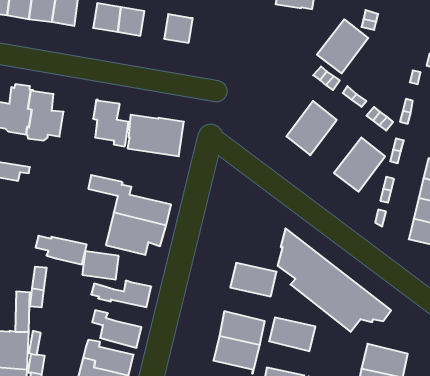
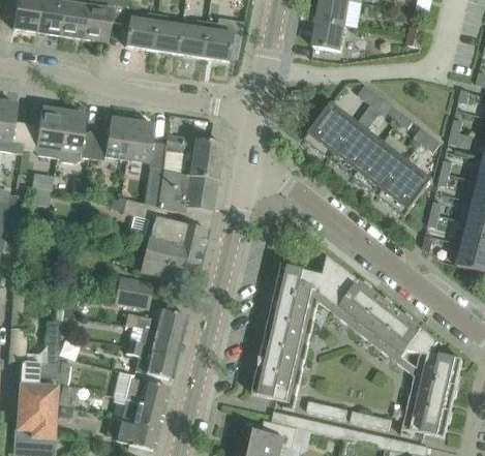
building: none -> [313,19,344,49]
building: none -> [176,26,205,55]
building: [317,19,368,73] -> [303,100,357,157]
building: none -> [91,116,130,159]
building: none -> [354,140,407,195]
building: none -> [156,170,216,212]
building: [36,236,87,264] -> [128,327,182,357]
building: none -> [276,264,325,299]
building: [269,317,315,351] -> [264,315,312,351]
building: none -> [414,348,462,385]

